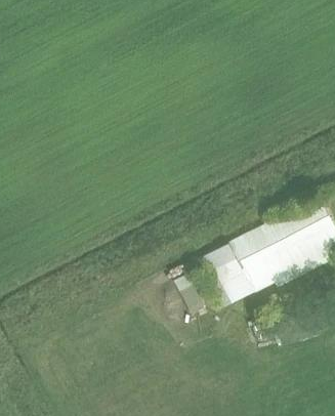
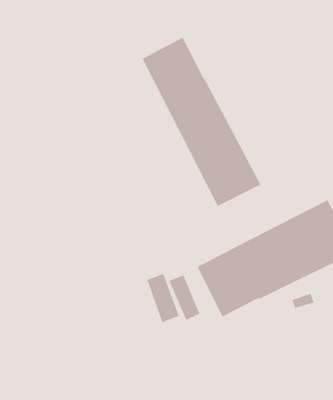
building: none -> [142,37,261,207]

